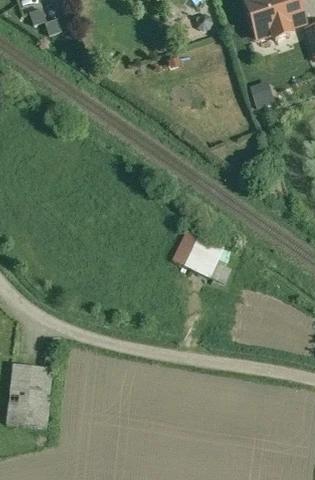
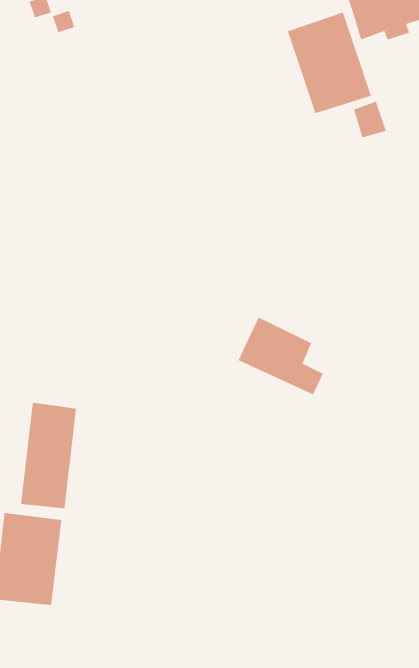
building: none -> [287,11,372,114]
building: none -> [20,402,77,509]

